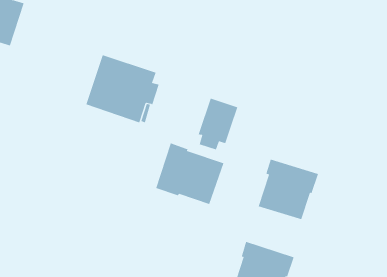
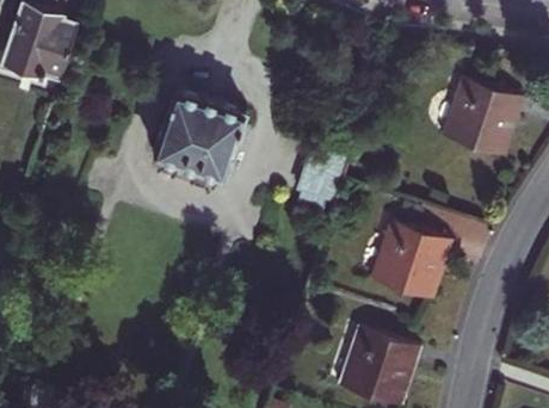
building: none -> [445,79,523,156]
building: [155,143,224,205] -> none

